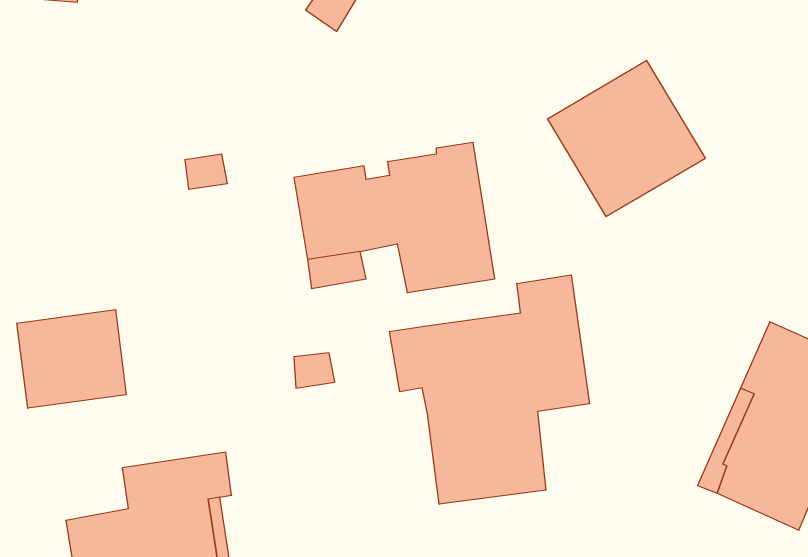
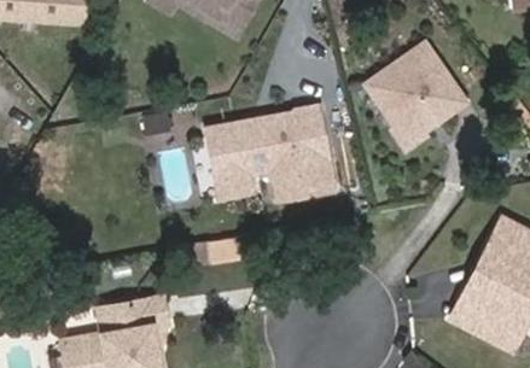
building: [390,275,590,504] -> none
building: [17,310,126,408] -> none

